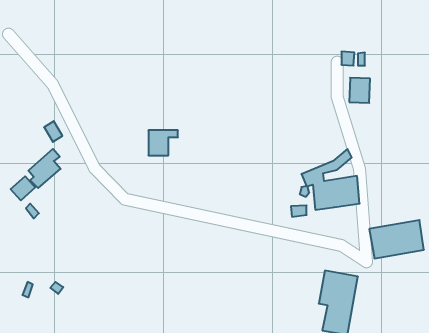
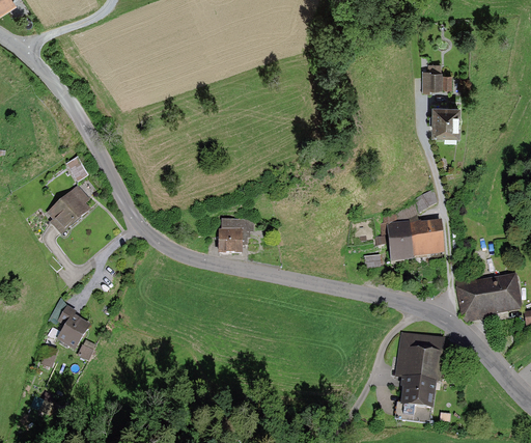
building: [148,130,178,155] -> [218,220,253,250]
building: [11,176,35,200] -> none
building: none -> [58,308,87,351]

